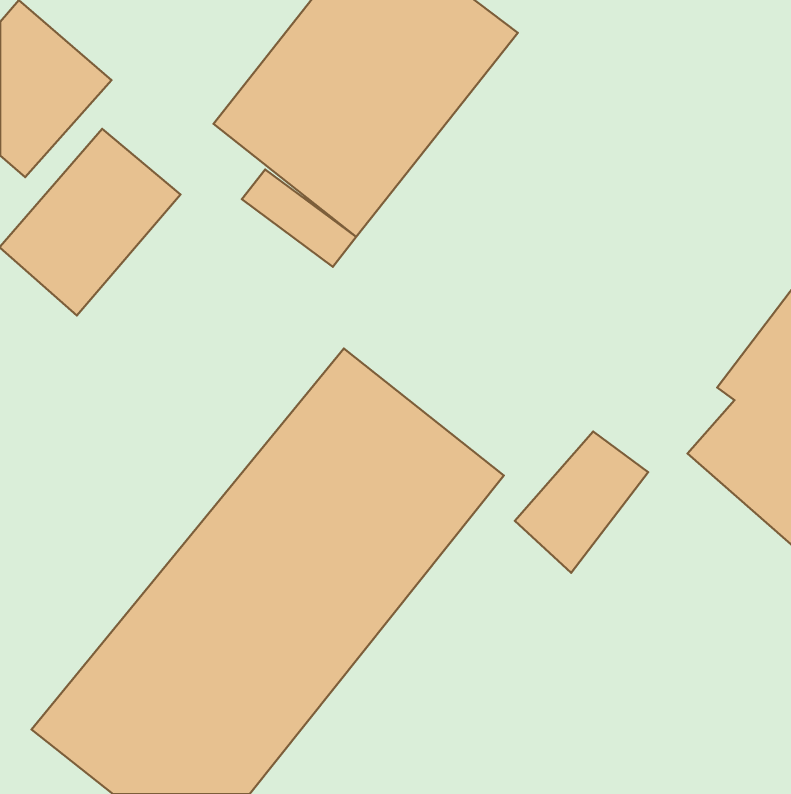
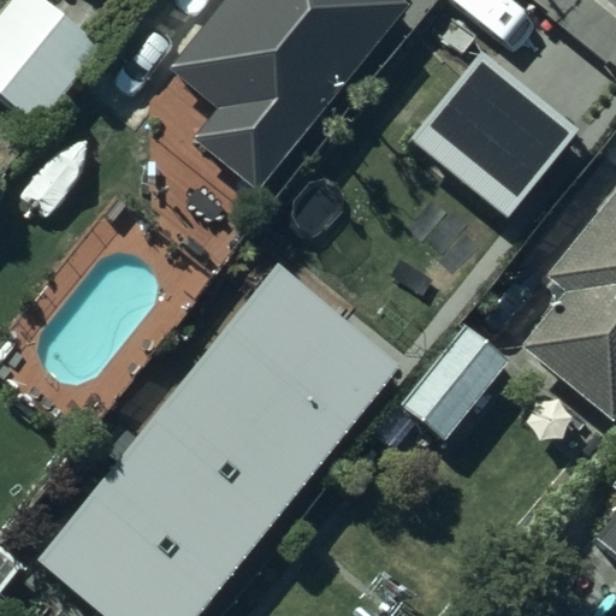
building: none -> [409,51,579,217]

